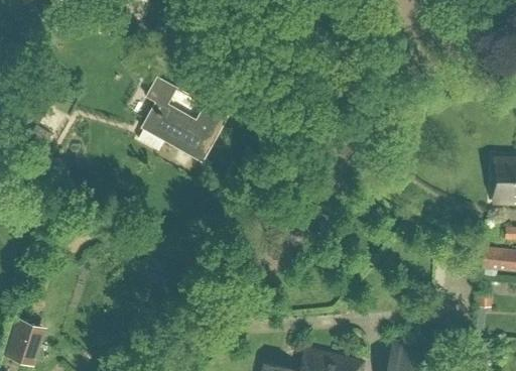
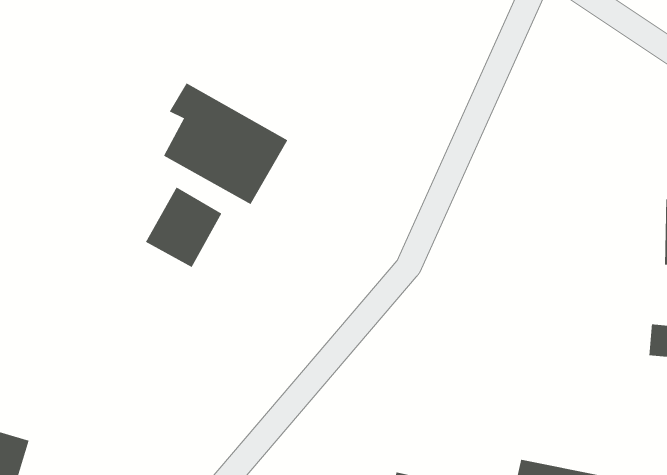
building: none -> [145,186,222,268]

